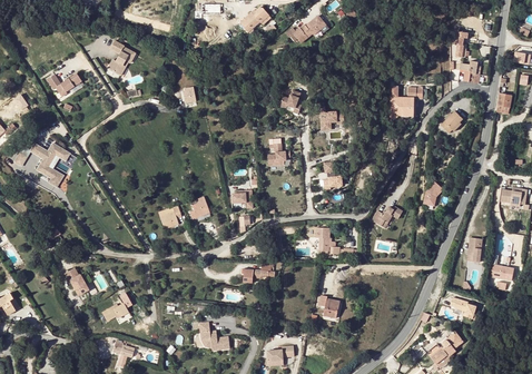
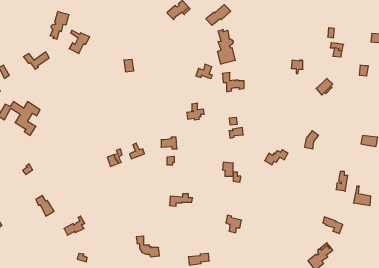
building: none -> [50,11,69,39]
building: none -> [218,29,235,64]
building: [390,86,413,117] -> none

